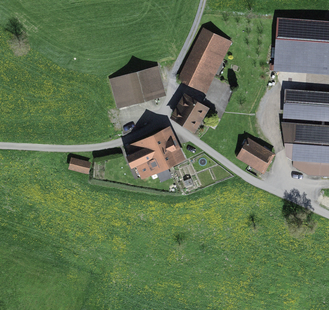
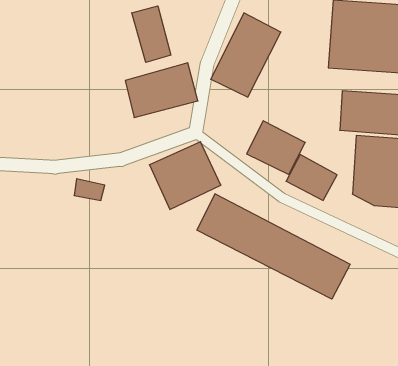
building: none -> [132,6,171,62]
building: [167,89,213,131] -> [247,121,305,174]
building: none -> [197,194,350,299]

